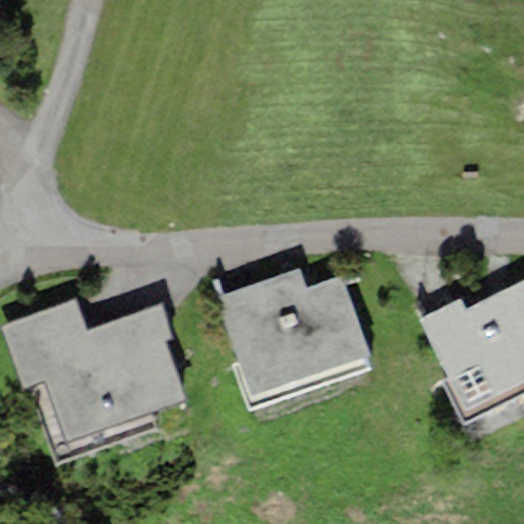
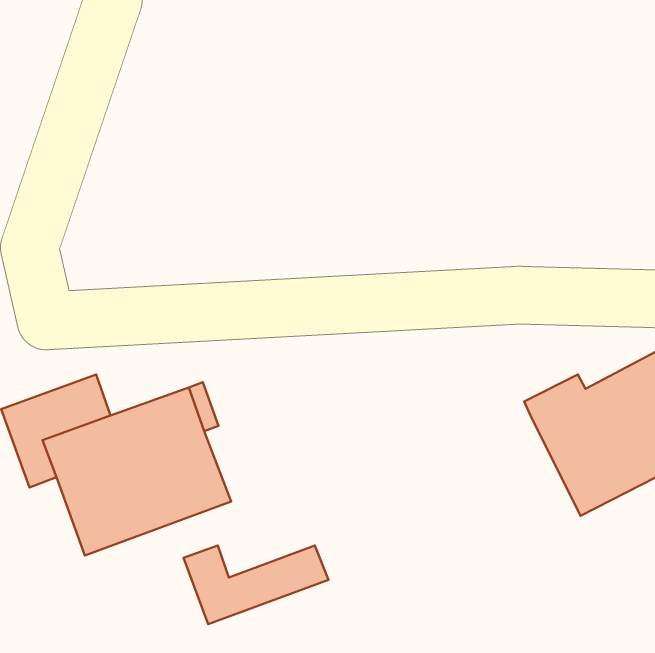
building: [217,268,369,396] -> none
building: none -> [183,546,329,624]

